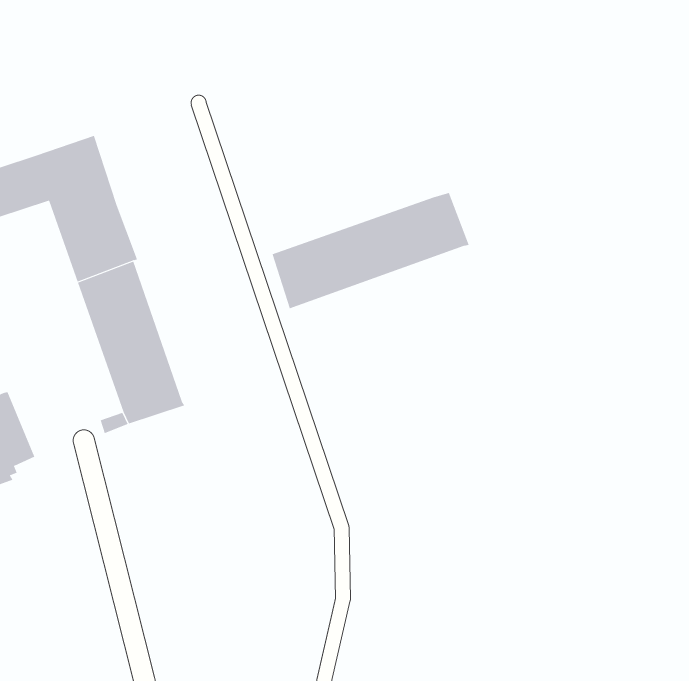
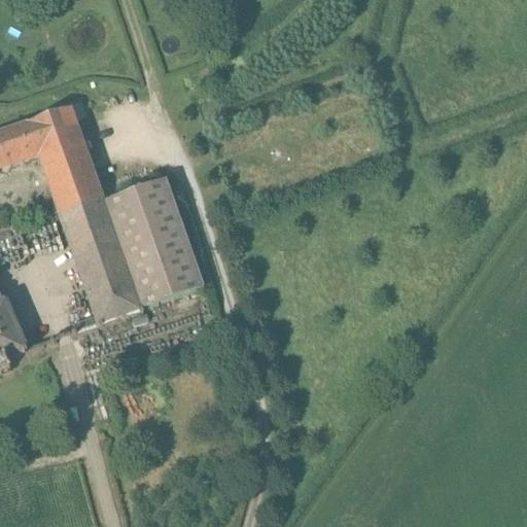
building: [272,192,470,309] -> none
building: none -> [102,176,203,306]

